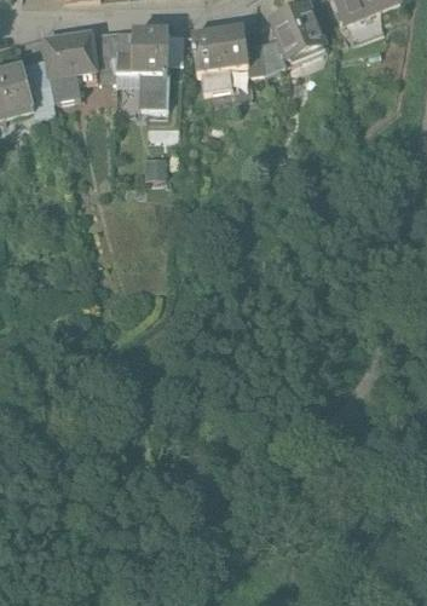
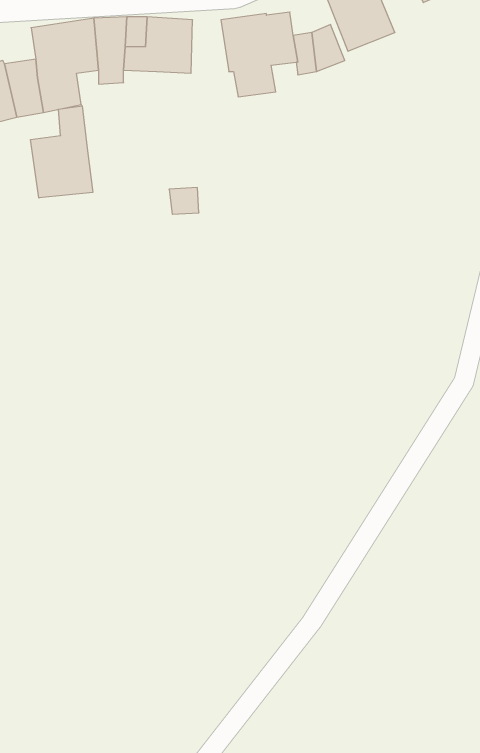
building: [139,74,167,108] -> none
building: none -> [31,106,93,198]

